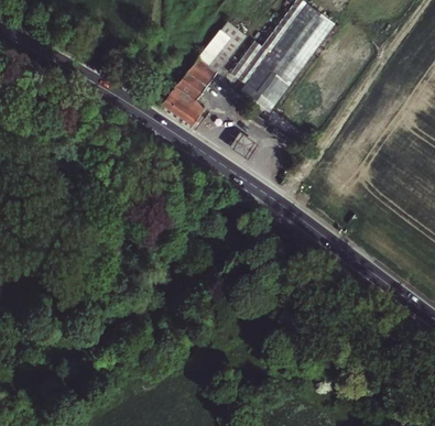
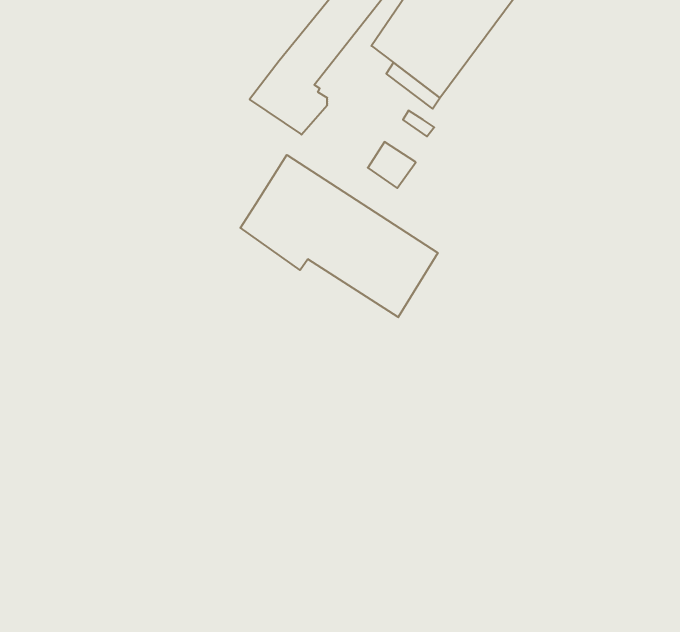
building: none -> [240,155,438,317]

